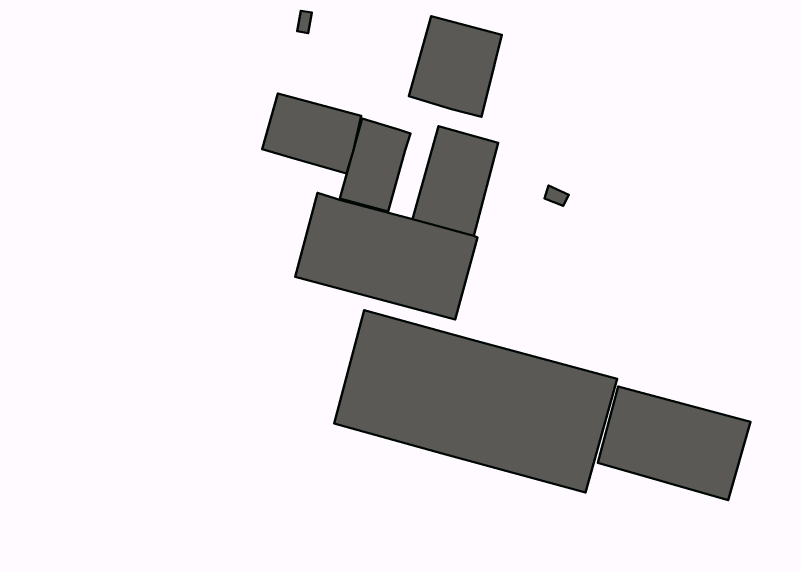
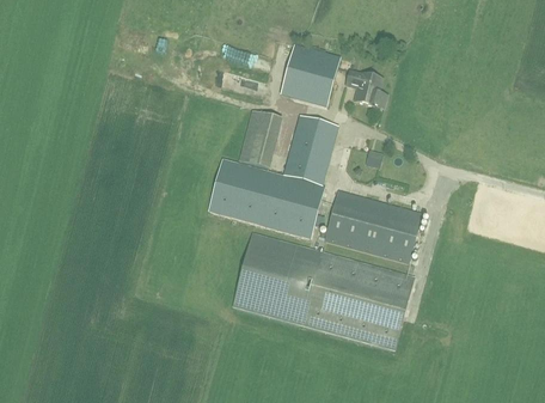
building: none -> [345,72,387,108]
building: [262,93,361,174] -> none
building: [598,387,750,500] -> [324,190,422,263]

